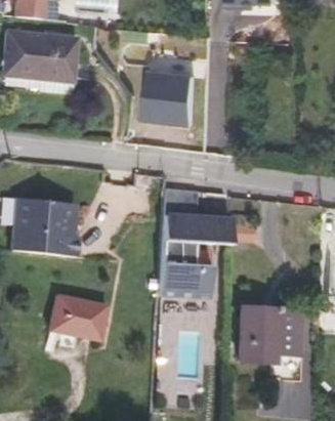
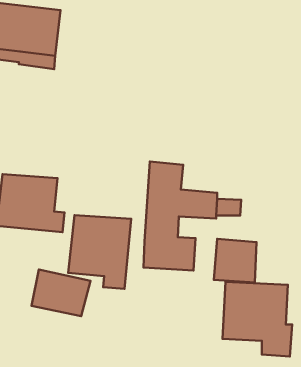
building: [142,71,196,124] -> none
building: none -> [68,215,131,289]
building: none -> [214,239,256,282]

